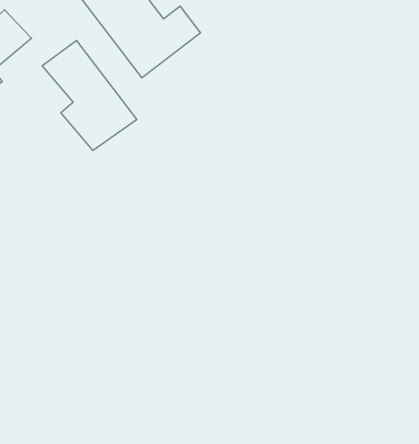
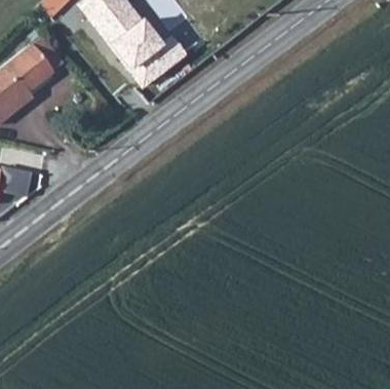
building: [42,41,137,150] -> none

